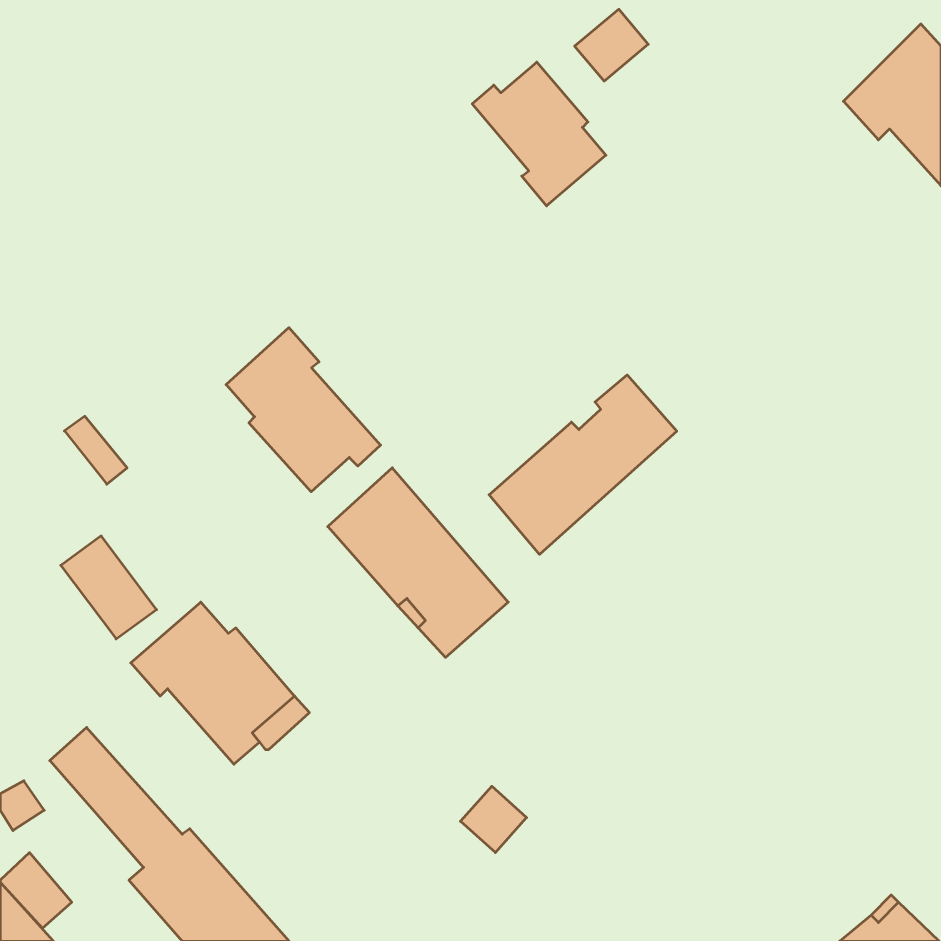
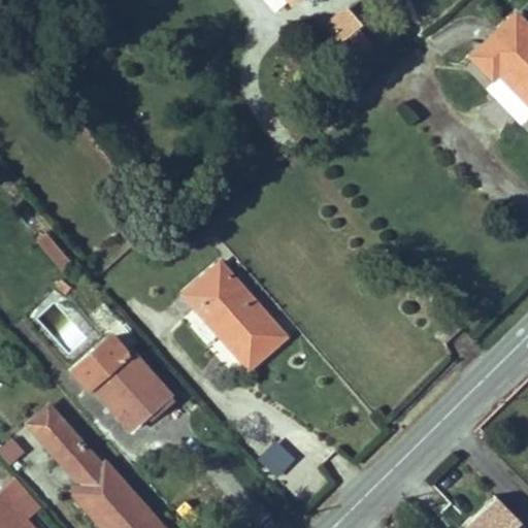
building: [472,62,606,206] -> none
building: [226,328,381,492] -> none
building: [489,375,677,554] -> none

